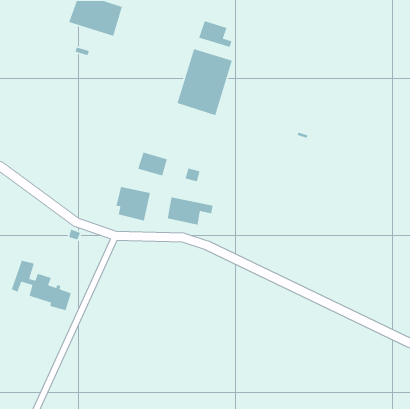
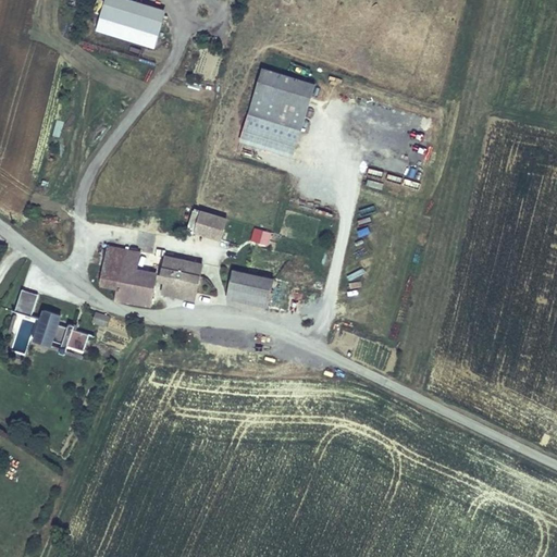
building: [198,20,232,48] -> none
building: none -> [99,245,158,307]
building: [11,260,72,311] -> [7,289,89,359]

